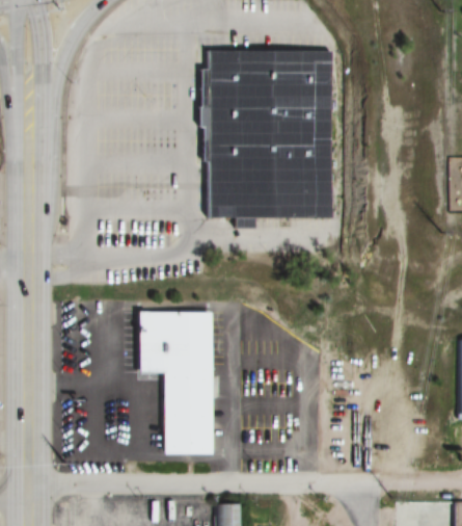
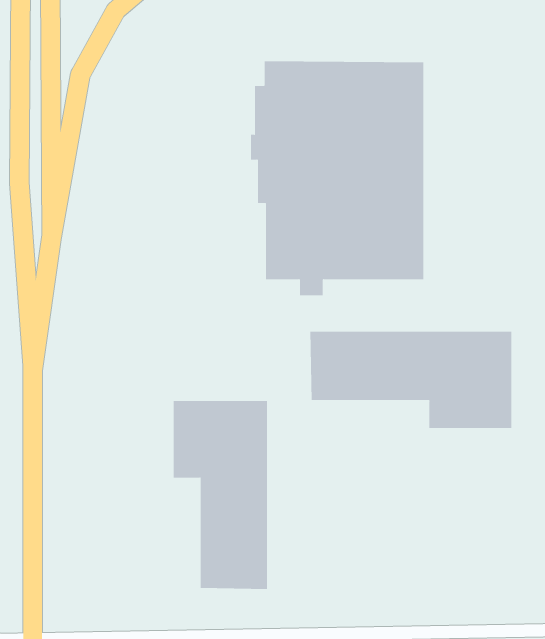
building: none -> [310,331,512,429]

